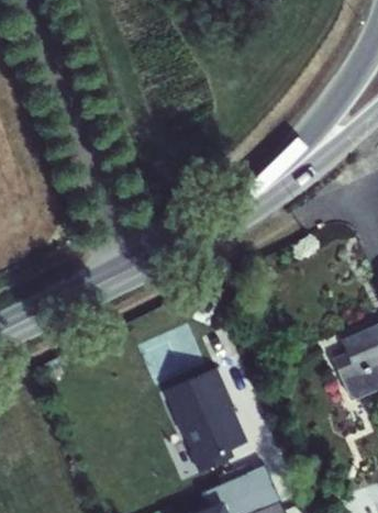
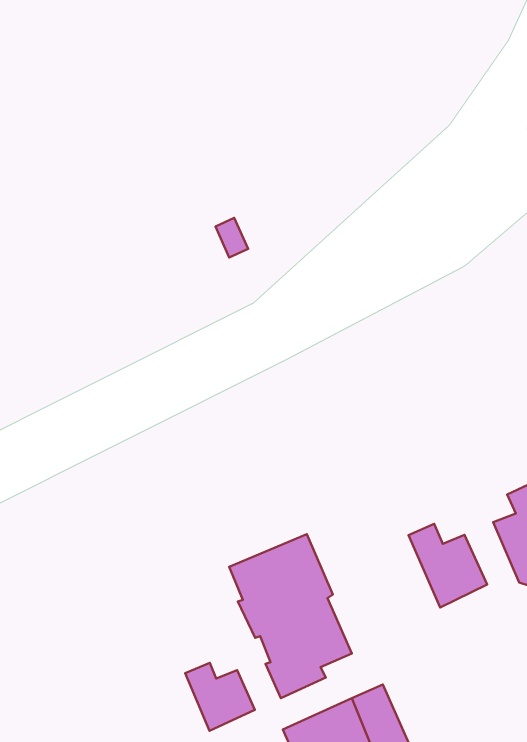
building: none -> [409,524,487,607]
building: none -> [185,663,255,731]

